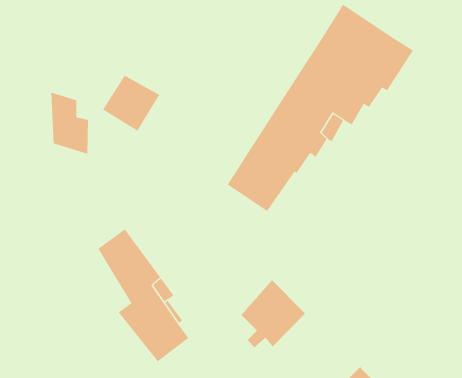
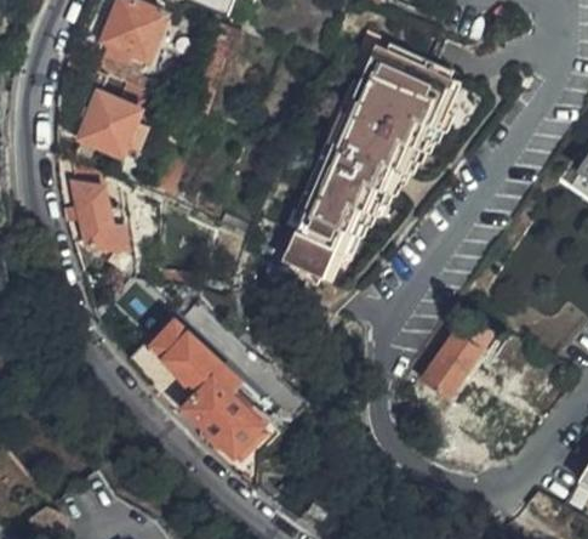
building: [102,75,160,132] -> [79,96,139,155]
building: [241,279,306,348] -> [411,329,481,407]

